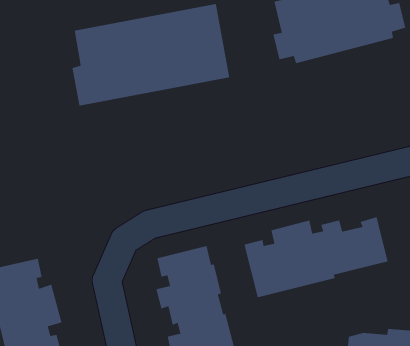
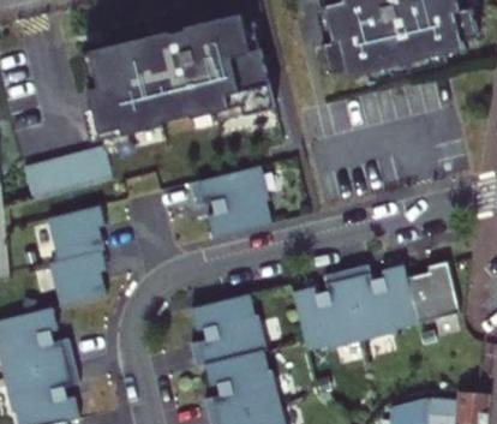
building: none -> [26,141,114,193]
building: none -> [191,166,271,238]
building: none -> [48,204,107,307]

